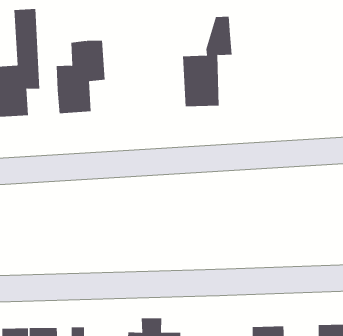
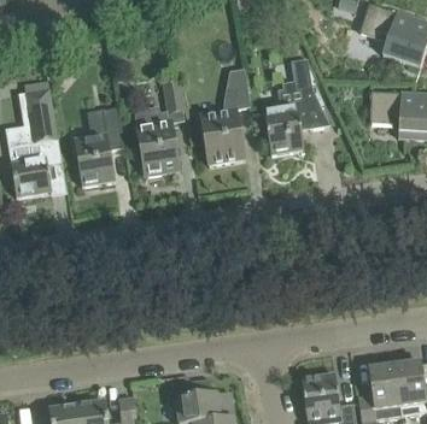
building: none -> [133,81,183,175]
building: none -> [264,80,329,154]

